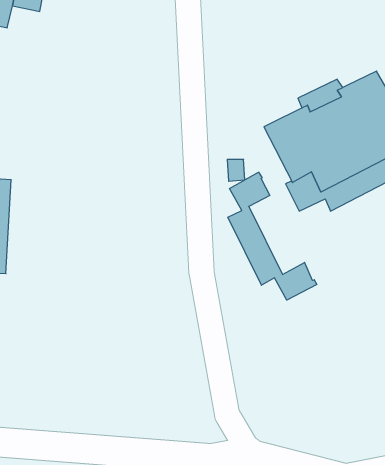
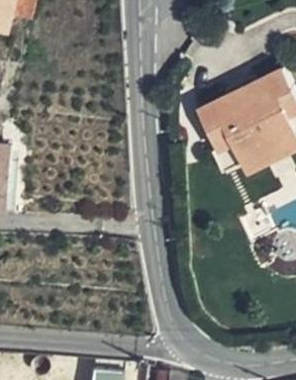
building: [228,172,317,300] -> none

